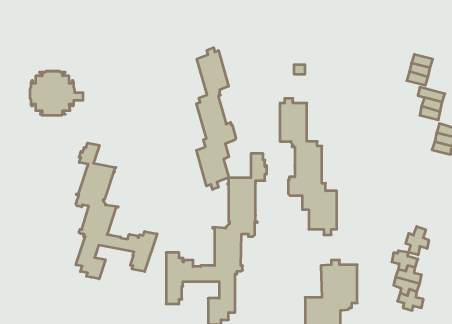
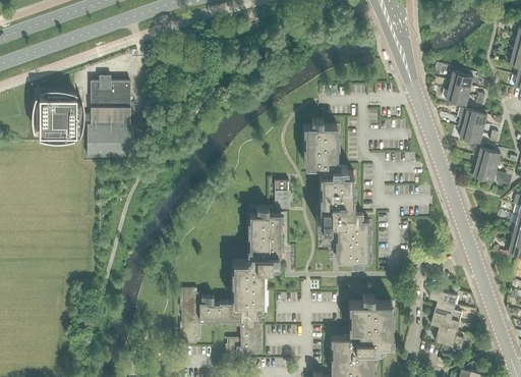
building: [196,48,236,190] -> none
building: none -> [88,82,133,156]
building: [76,143,157,279] -> none
building: [406,226,429,255] -> none

